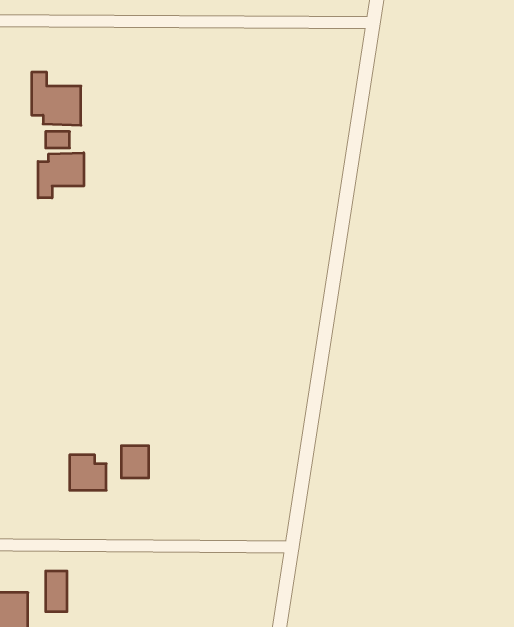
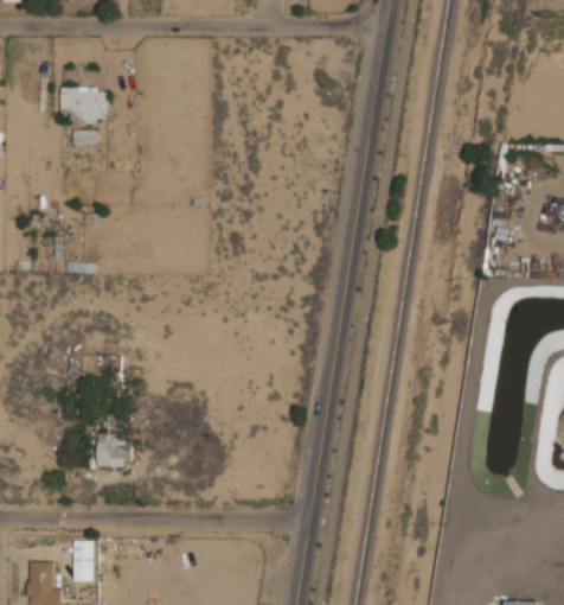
building: [38,153,84,198] -> none
building: [121,446,149,478] -> none

